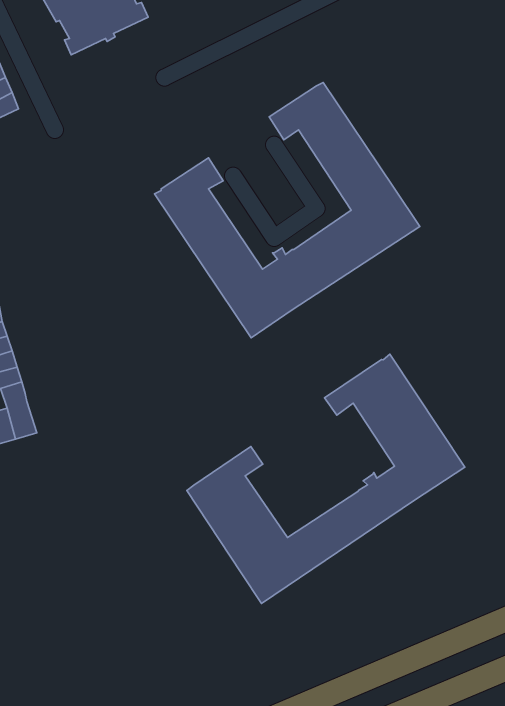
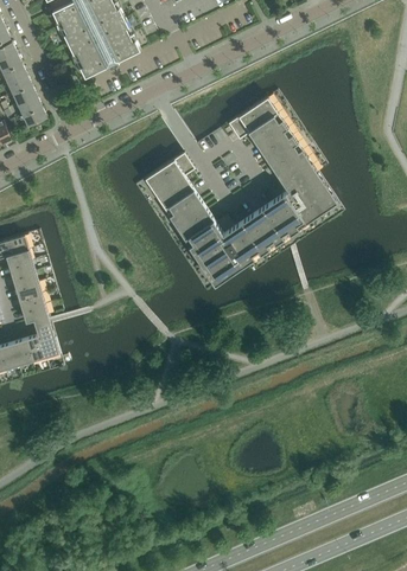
building: [187,354,465,604] -> none

